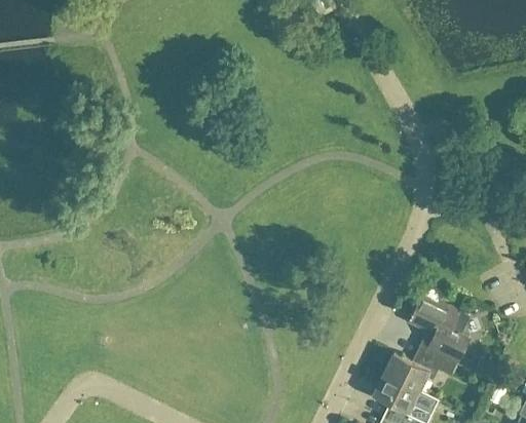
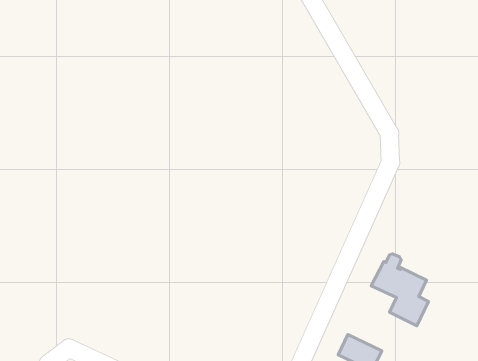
building: [384,349,457,390] -> none

